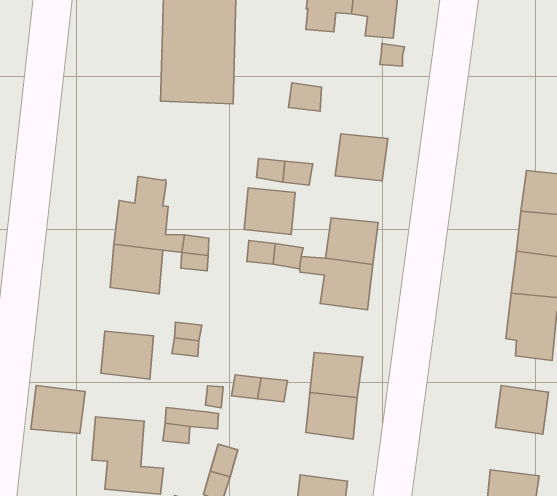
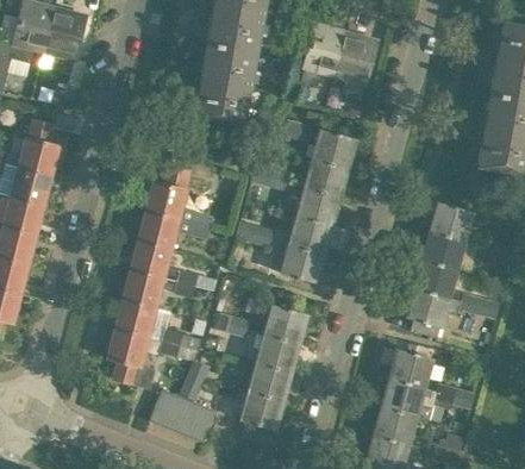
building: none -> [305,130,354,165]
building: [244,188,295,234] -> [299,186,338,223]
building: none -> [130,239,171,277]
building: [31,385,85,434] -> [114,298,156,336]
building: none -> [382,377,423,415]
building: none -> [250,361,290,399]

